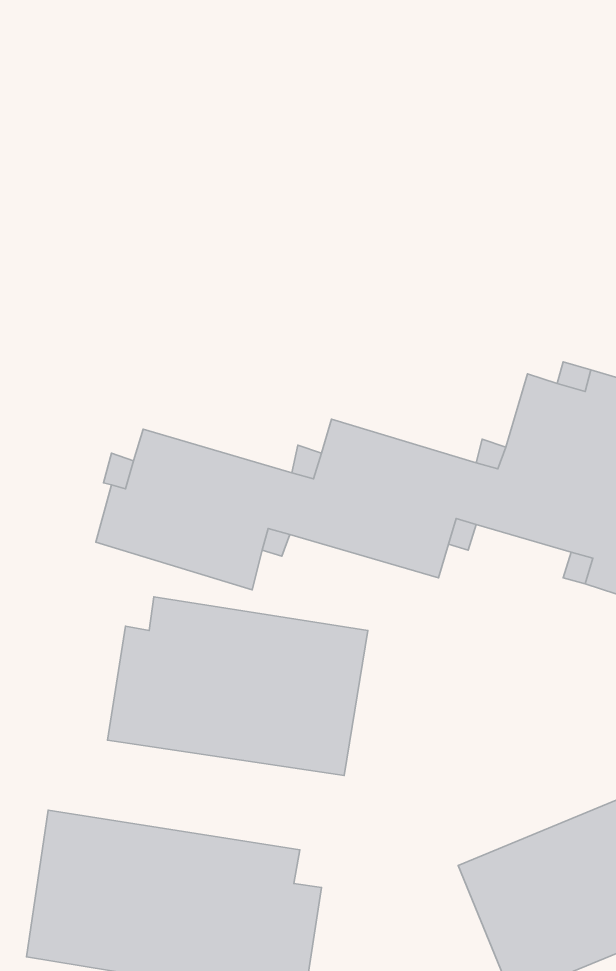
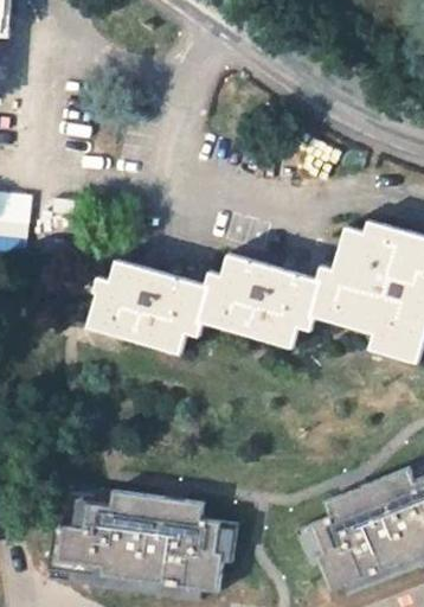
building: [107,597,368,775] -> none

